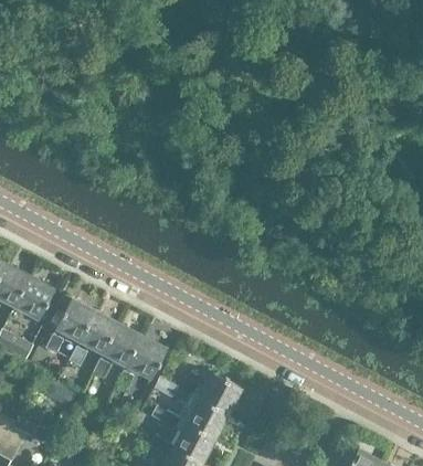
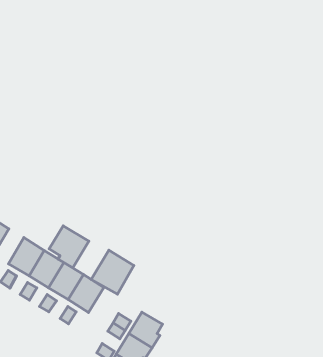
building: none -> [49,226,89,268]
building: none -> [91,250,134,294]

